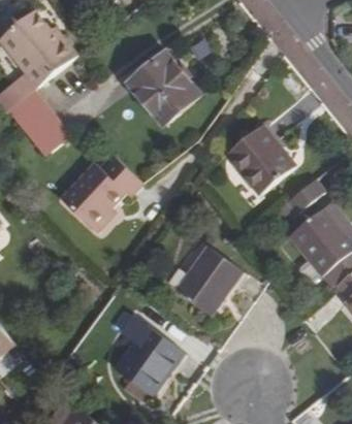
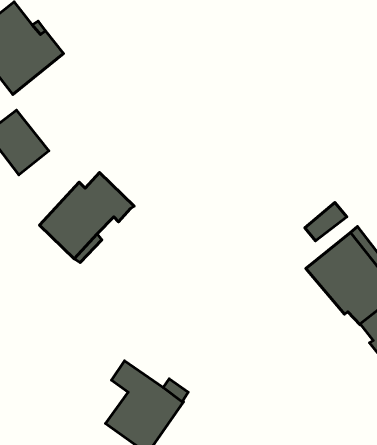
building: [127,50,201,125] -> none
building: [225,125,293,194] -> none
building: [173,247,241,316] -> none

